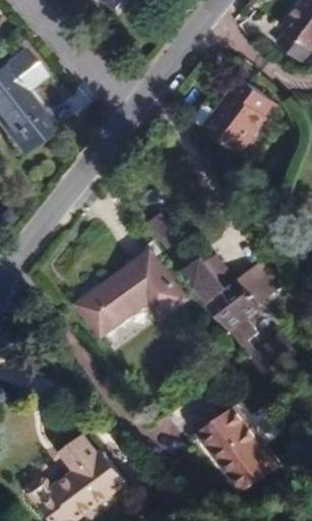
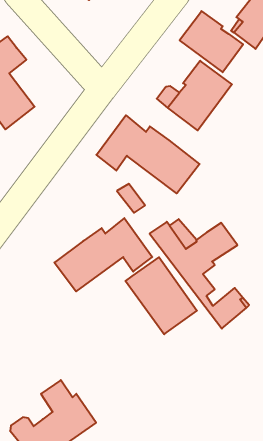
building: none -> [180,11,243,72]
building: none -> [96,115,200,193]
building: [195,406,275,493] -> [125,257,197,334]

